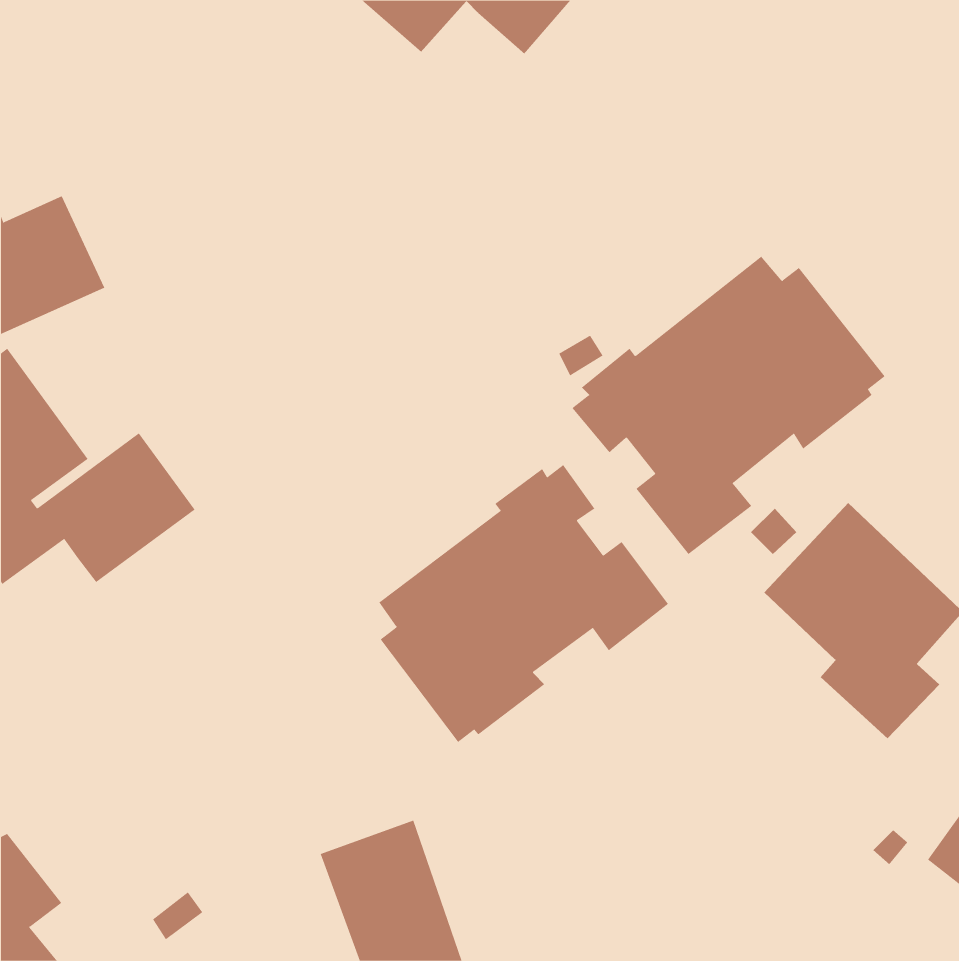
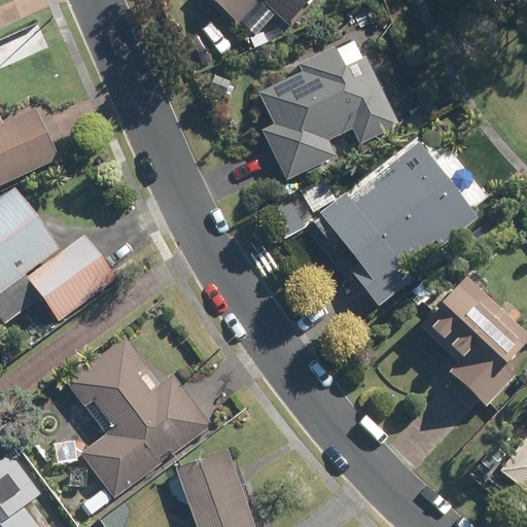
building: none -> [254,51,394,181]
building: [379,464,669,743] -> none
building: none -> [67,338,211,498]

